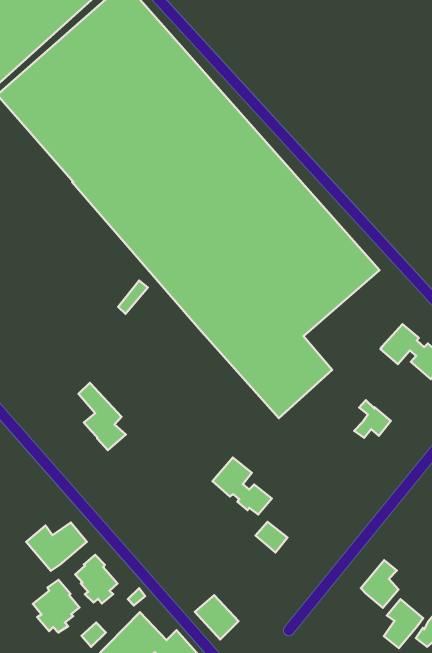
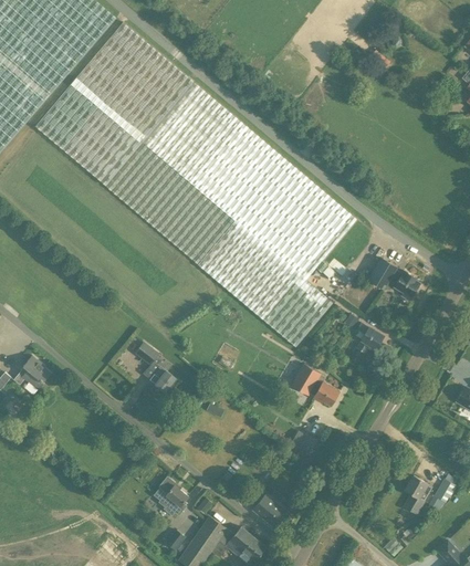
building: [213,458,272,515] -> [291,364,340,406]
building: [26,523,87,571] -> none
building: [361,560,399,608] -> none
building: [33,580,80,633] -> none

